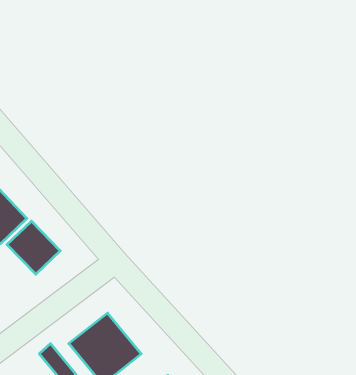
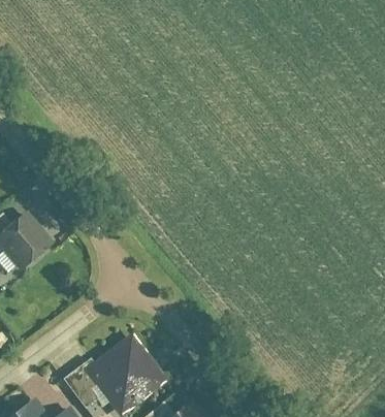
building: [7,221,60,274] -> none

